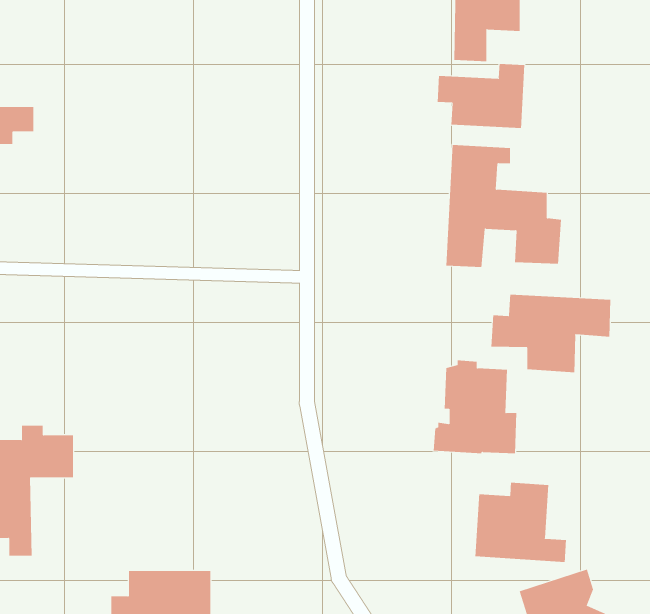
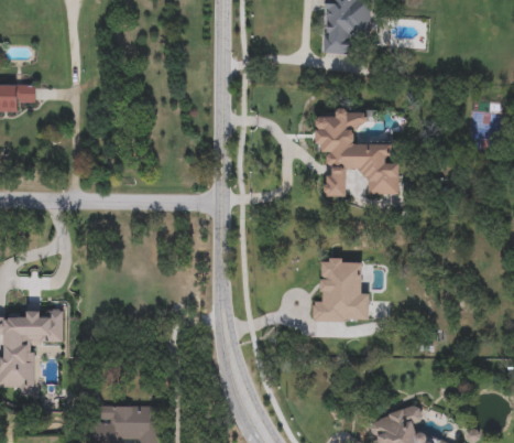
building: [437,63,525,129] -> none
building: [491,294,611,373] -> none
building: [475,482,567,563] -> none

